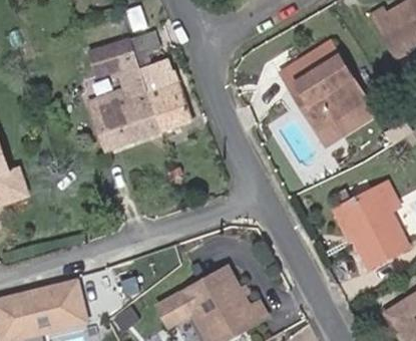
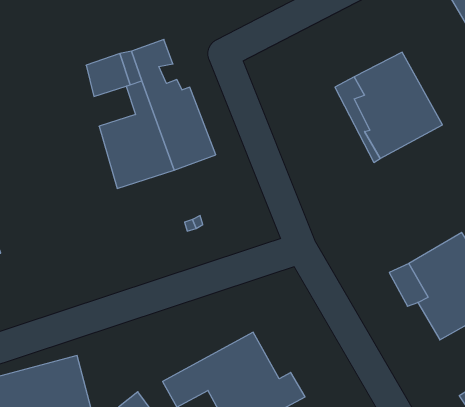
building: [316,101,376,148] -> none

